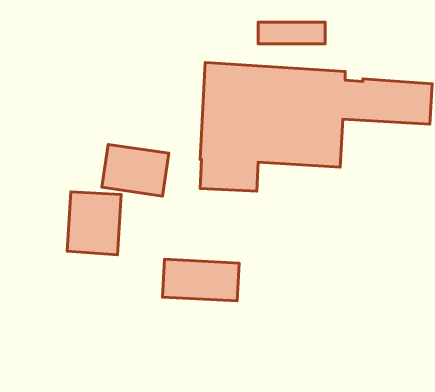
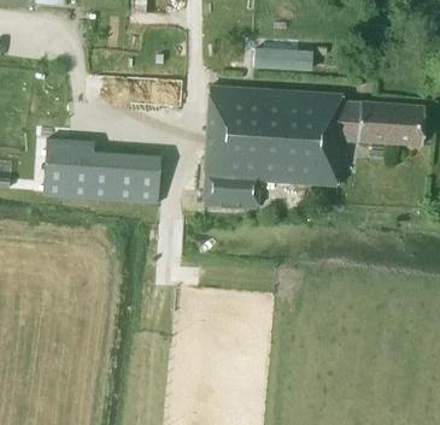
building: [67,192,121,255] -> [42,138,94,199]
building: [162,259,239,301] -> none

